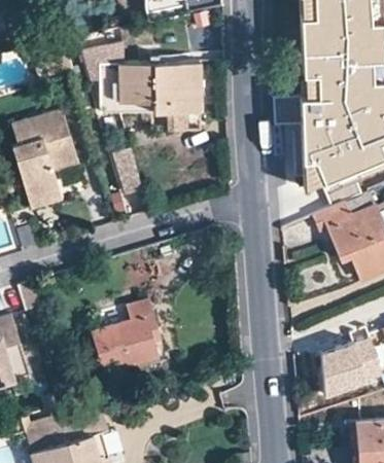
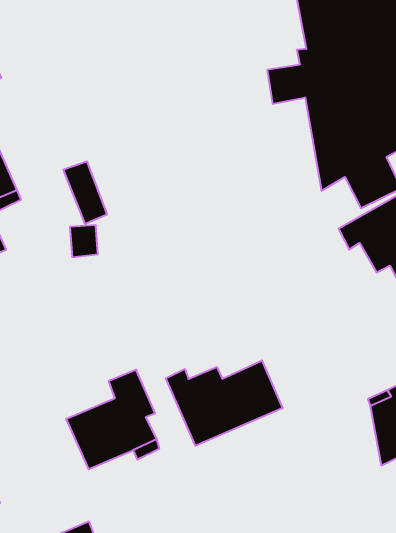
building: [105,60,200,128] -> none
building: none -> [166,360,283,446]

